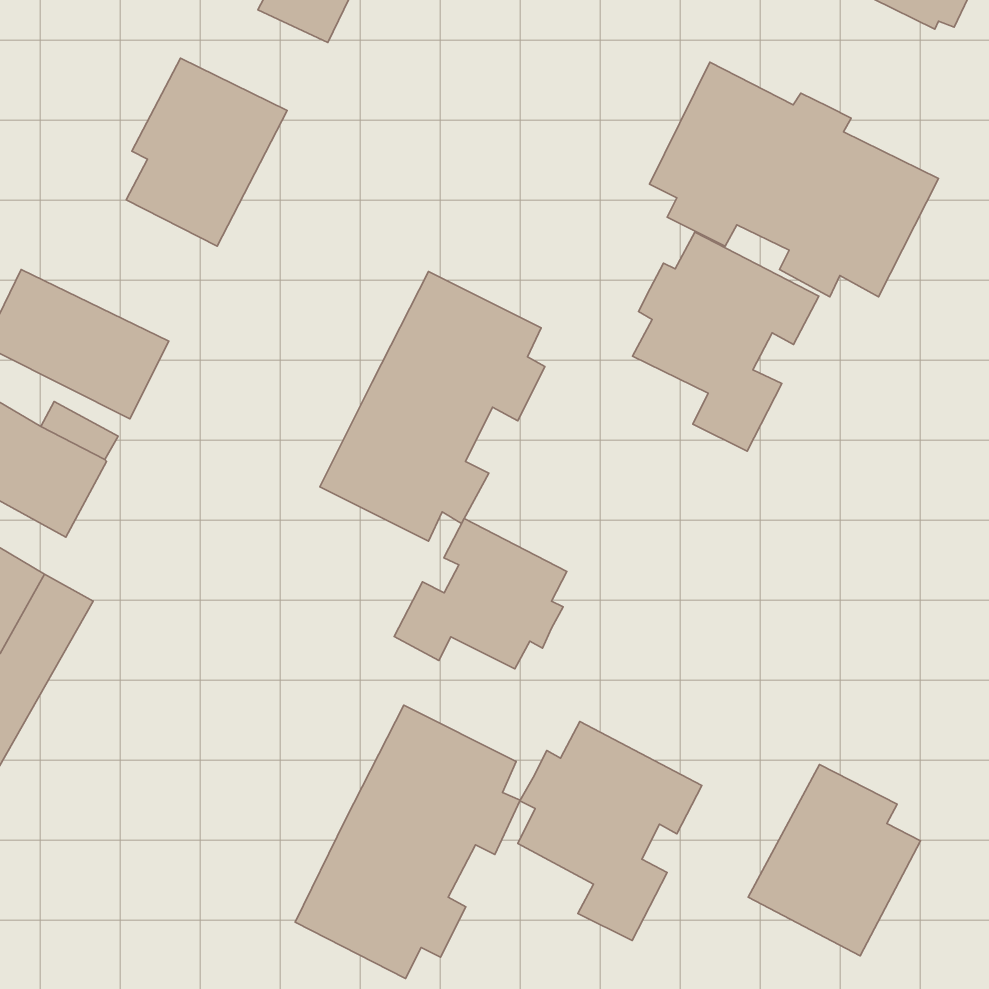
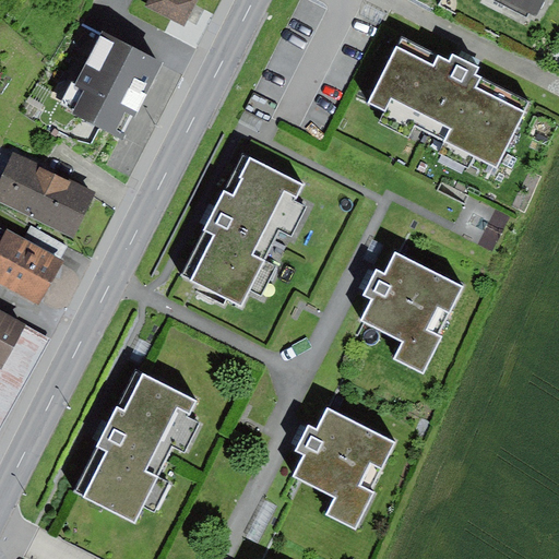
building: [633,232,819,451] -> [359,250,464,373]
building: [394,519,567,669] -> none
building: [295,705,520,979] -> [72,368,199,522]
building: [748,764,921,956] -> none

